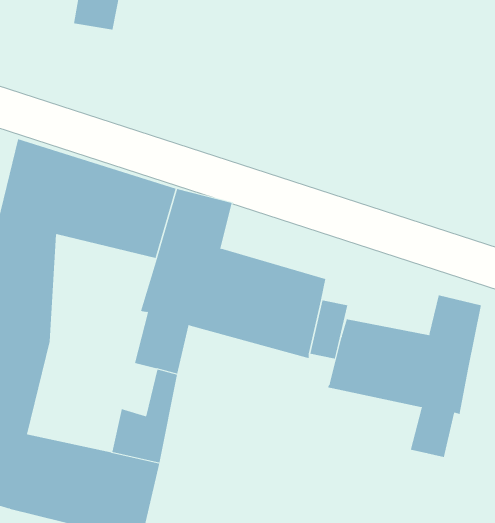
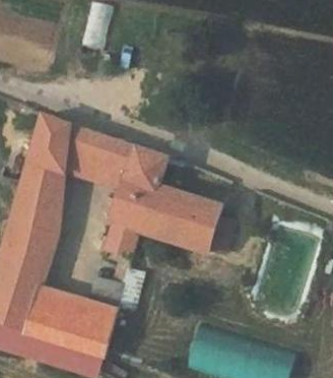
building: [327,295,482,458] -> none

